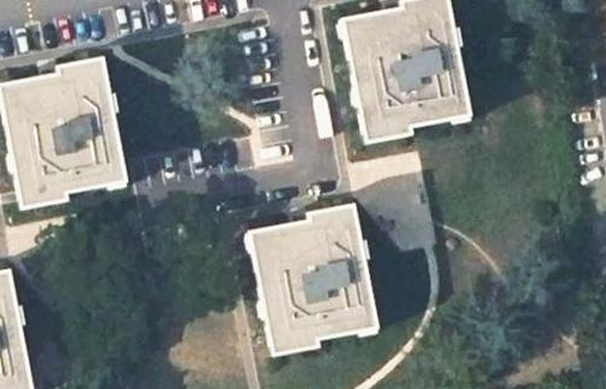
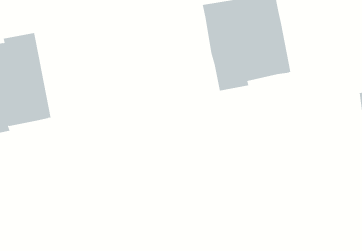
building: [250,205,377,354] -> none

